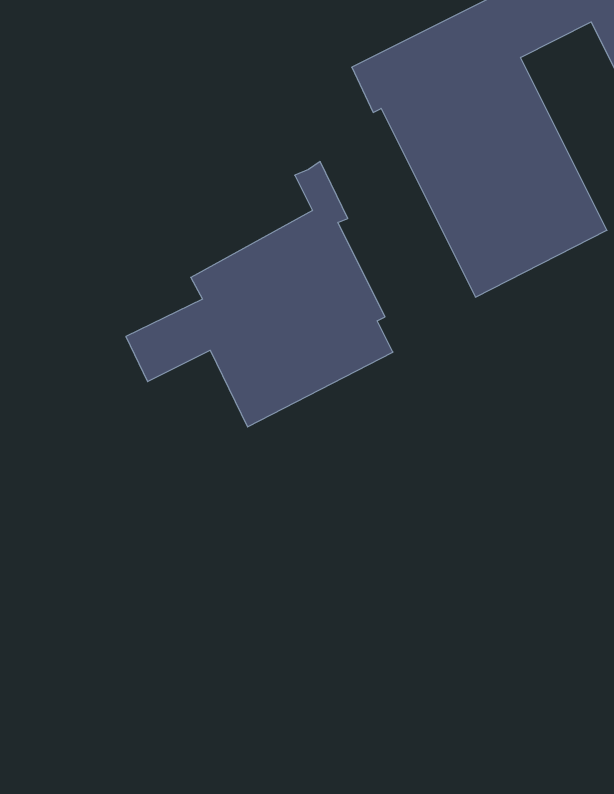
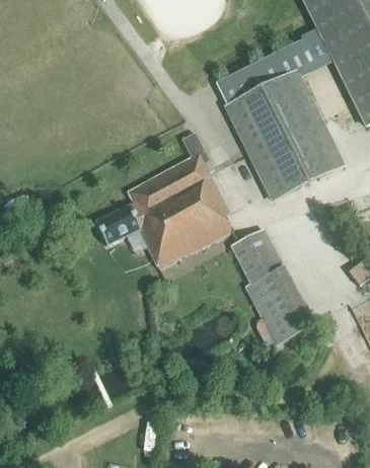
building: none -> [230,227,312,344]

